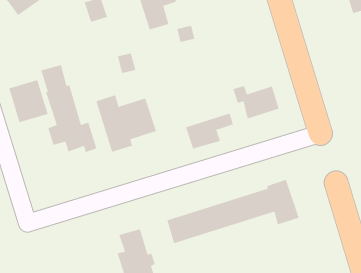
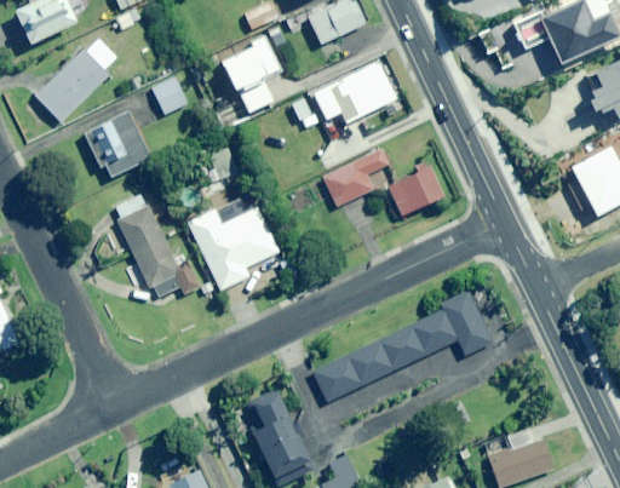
building: none -> [312,63,396,124]
building: [8,79,48,123] -> [91,113,151,177]
building: [185,113,234,149] -> [322,149,389,207]

